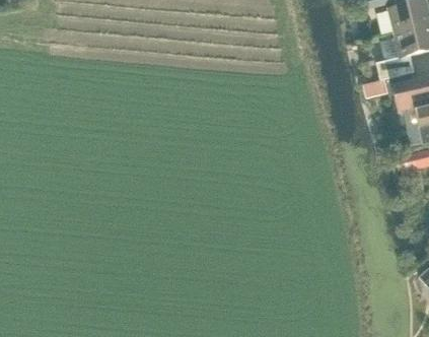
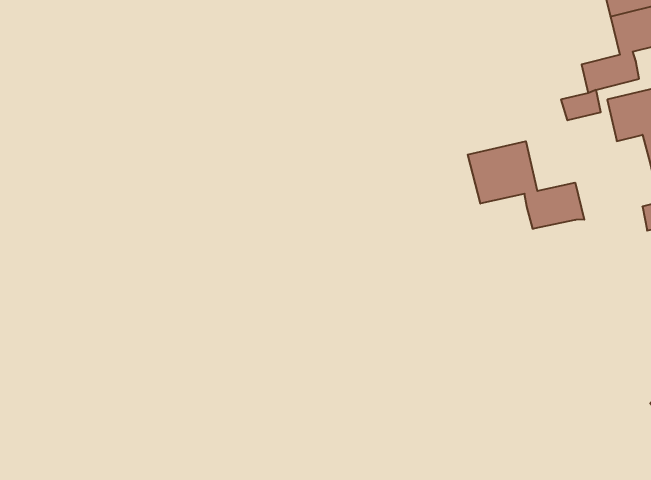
building: none -> [468,141,584,229]

